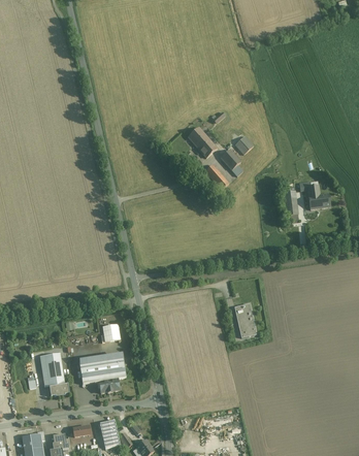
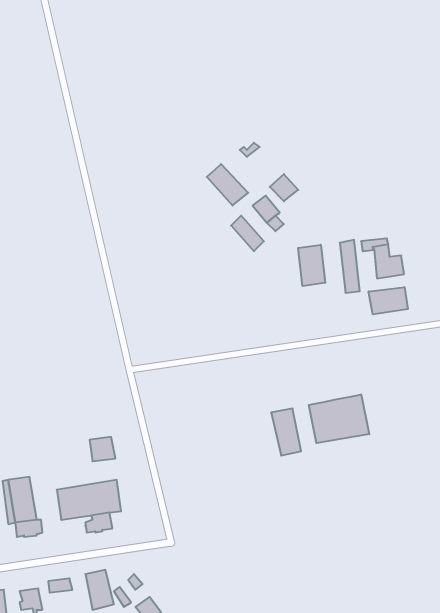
building: none -> [298,245,325,286]
building: none -> [369,287,408,314]
building: none -> [309,394,369,443]

